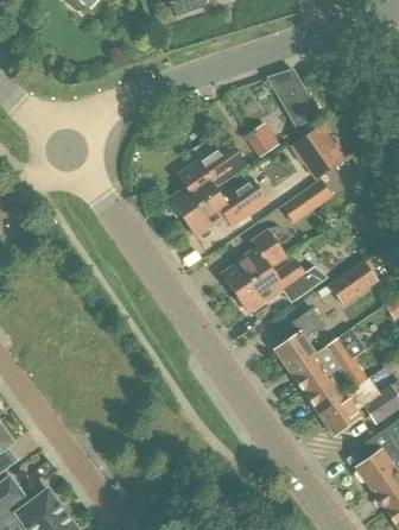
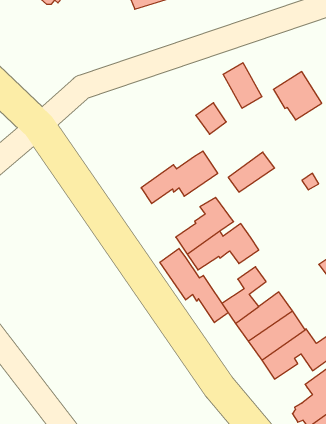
building: [290,124,344,178] -> [273,72,322,120]
building: [170,137,248,217] -> none
building: [328,258,380,305] -> none
building: none -> [160,248,228,323]

